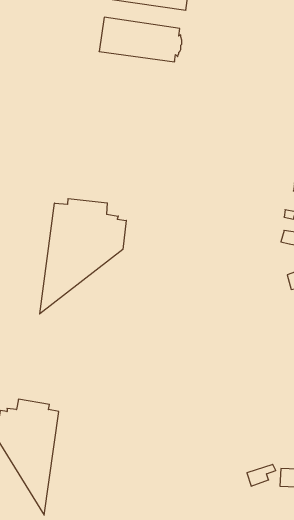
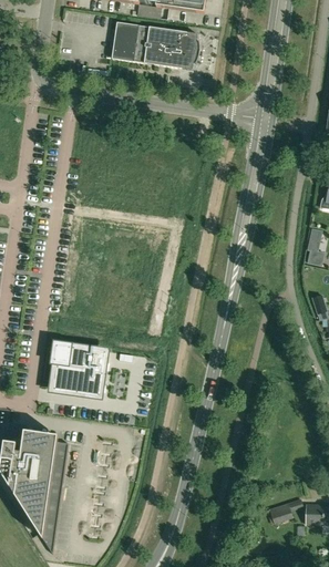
building: [40,199,126,314] -> none
building: none -> [49,342,105,394]

